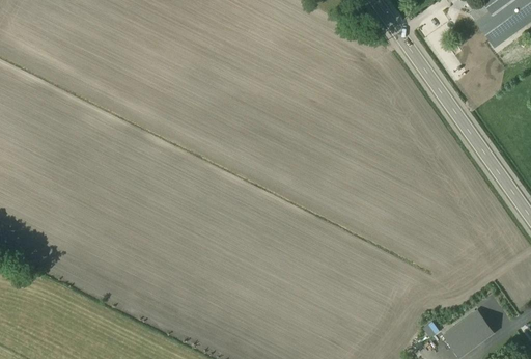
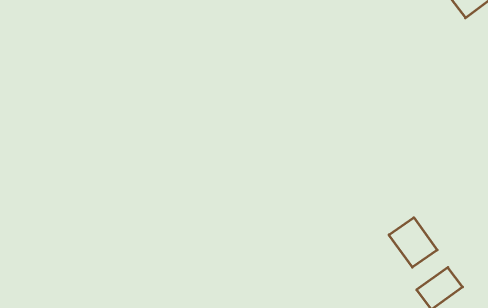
building: none -> [389,218,437,267]

